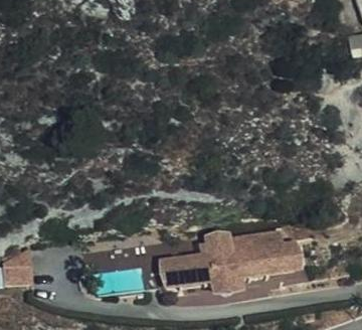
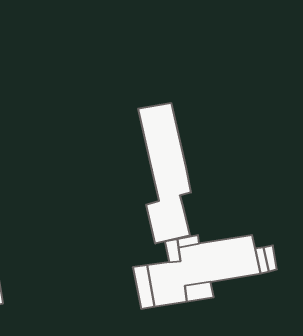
building: none -> [138,103,191,244]

